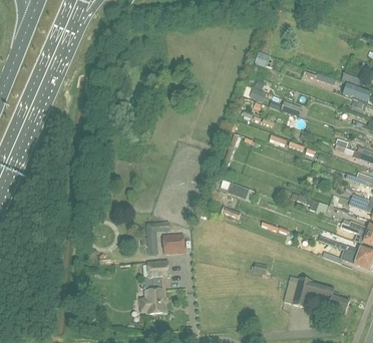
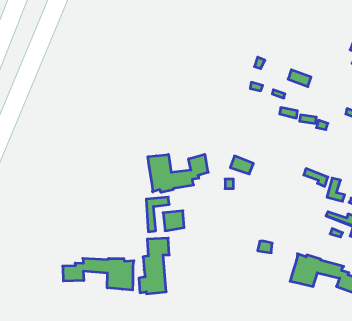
building: none -> [148,154,208,192]
building: none -> [63,258,134,290]

